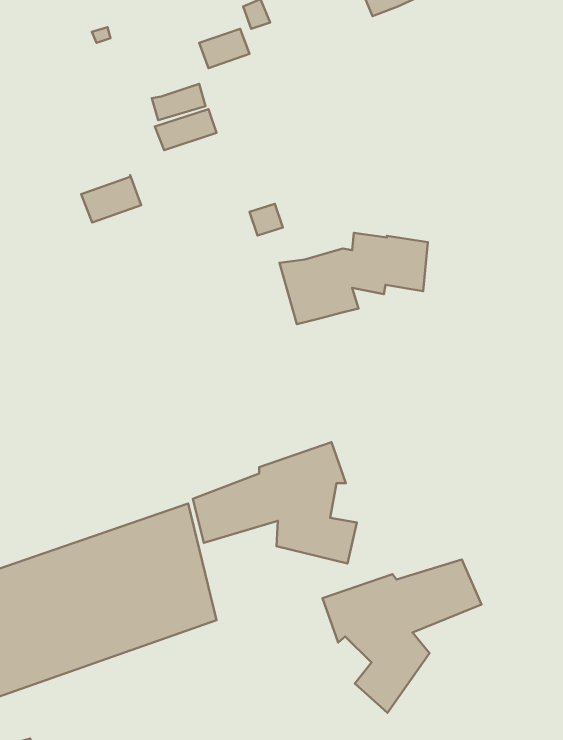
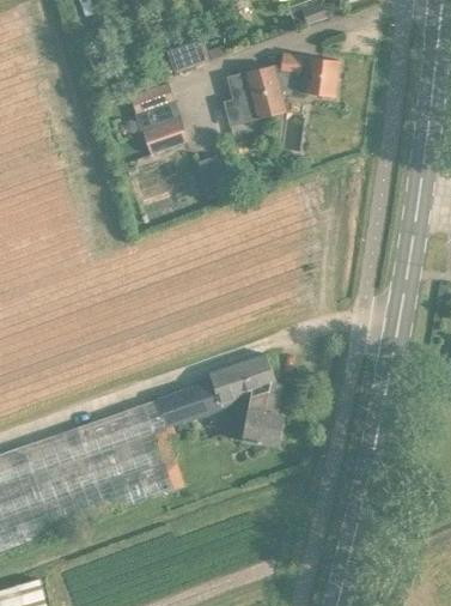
building: [81,175,141,223] -> [141,117,187,153]
building: [280,233,428,324] -> [226,53,339,122]
building: [323,560,481,713] -> none

